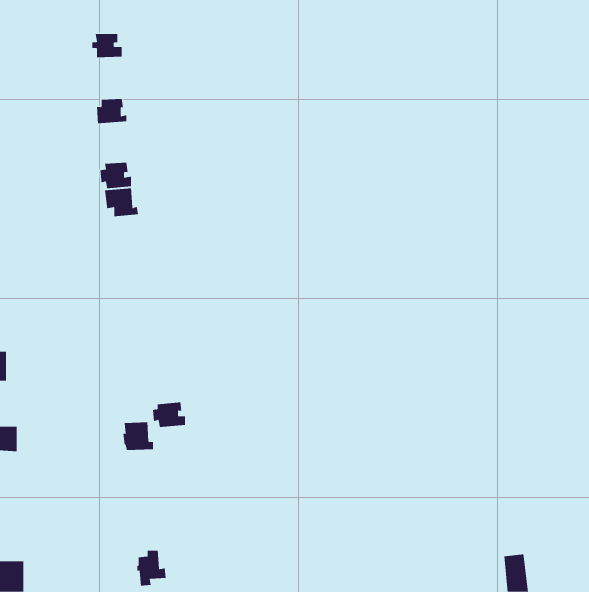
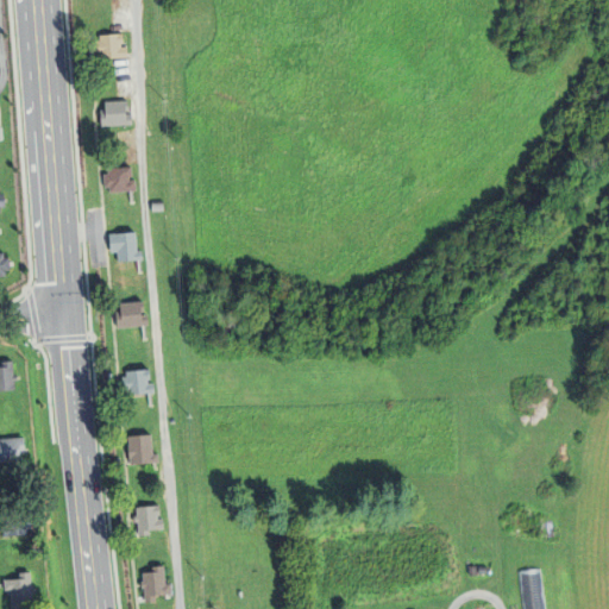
building: [104,188,139,217] -> [107,231,143,260]
building: none -> [114,301,149,327]
building: [152,402,186,427] -> [120,368,155,394]
building: none -> [132,504,163,535]

